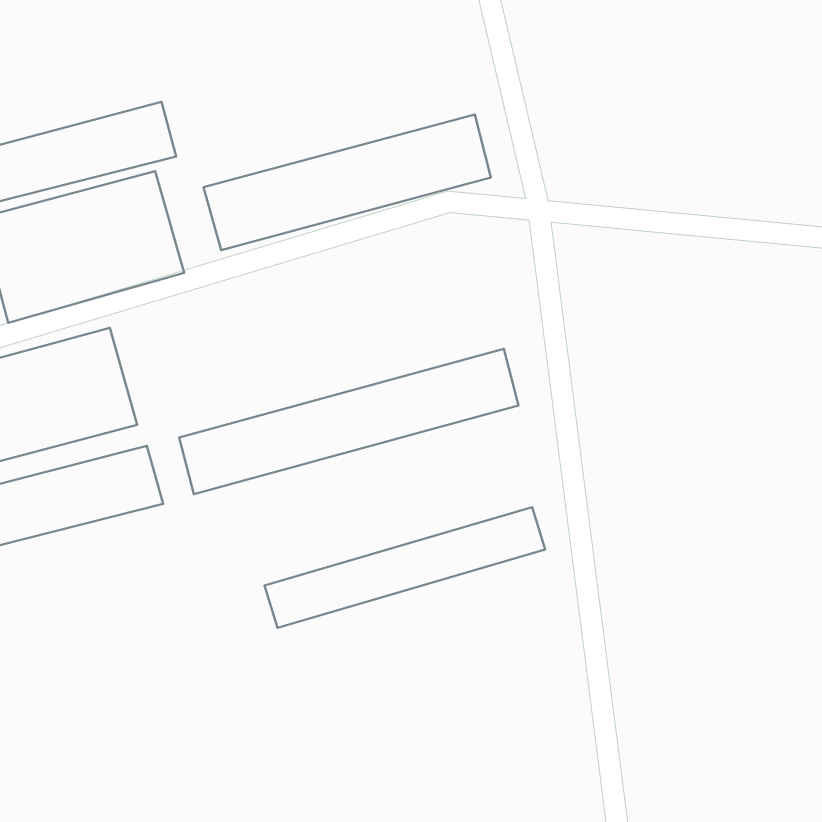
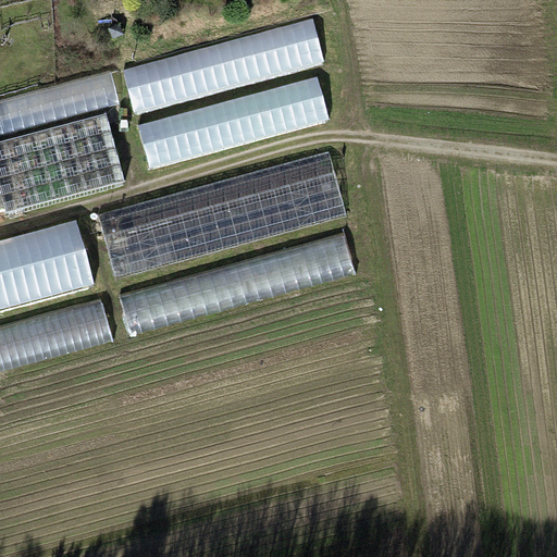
building: none -> [122,17,324,114]
building: none -> [99,148,348,281]
building: [264,507,545,628] -> none

